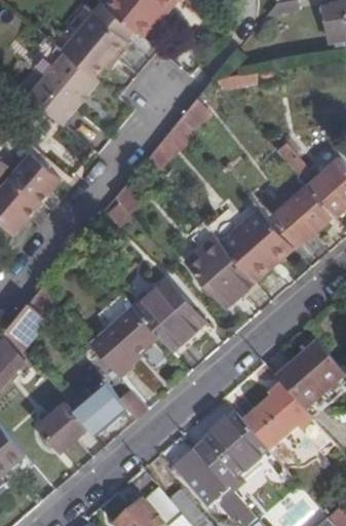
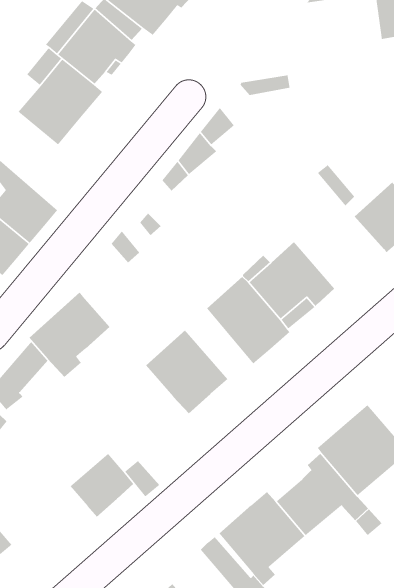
building: [274,187,331,243] -> none
building: [88,307,156,378] -> [29,292,111,378]
building: [35,402,85,451] -> none

